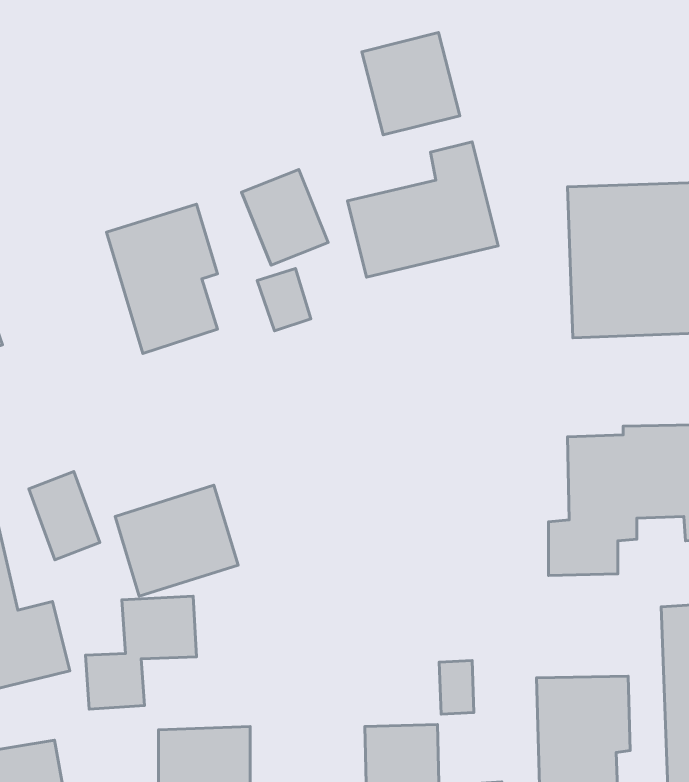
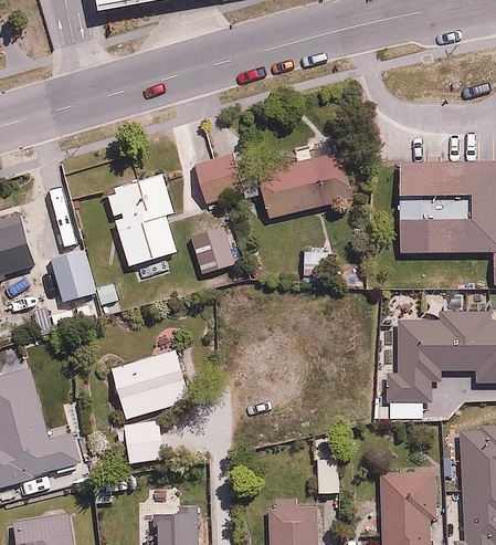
building: [362,33,460,135] -> none
building: [29,471,100,560] -> [50,247,95,303]

